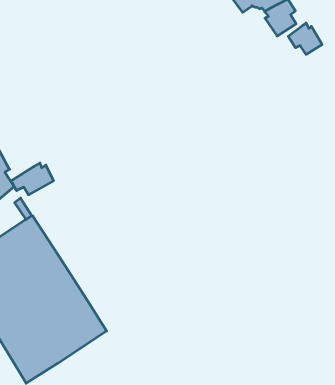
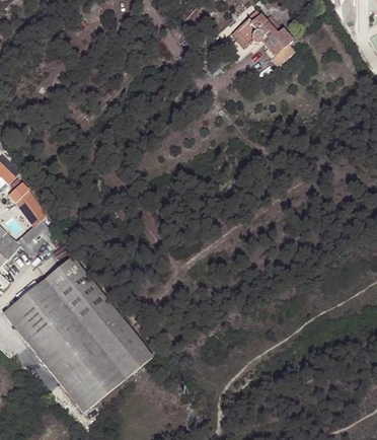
building: [288,23,322,54] -> none
building: [11,163,53,195] -> none

